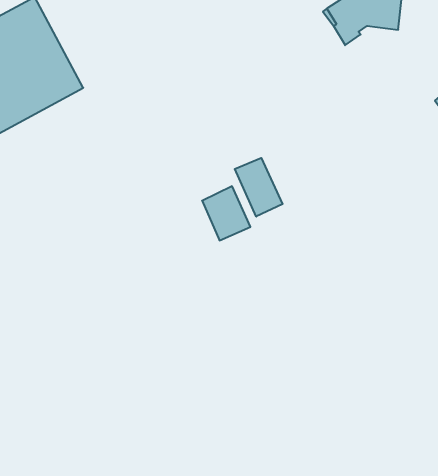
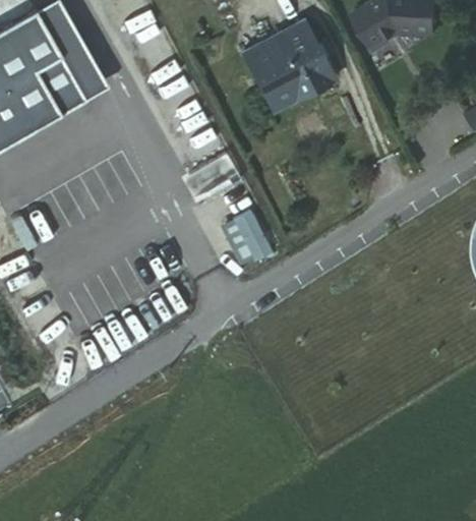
building: none -> [236,21,330,113]
building: [235,158,283,217] -> none

